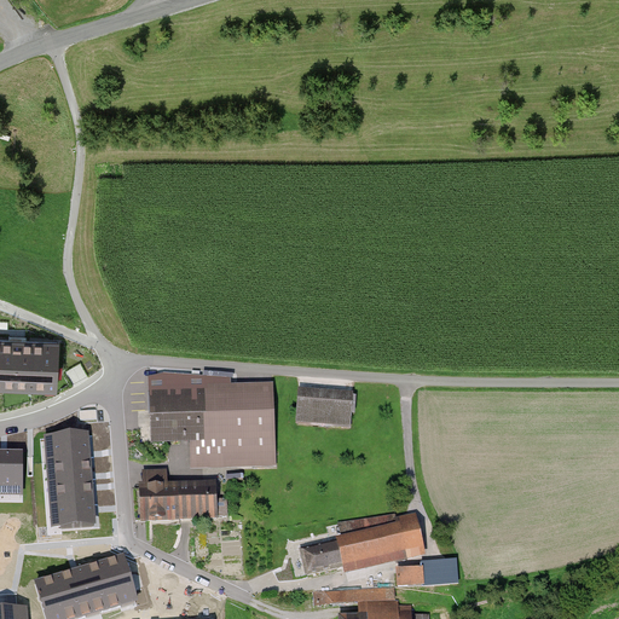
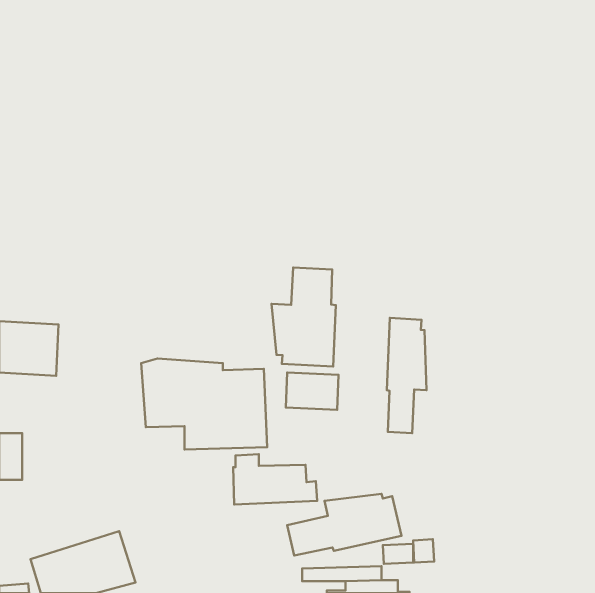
building: none -> [271,268,336,367]
building: none -> [387,318,426,433]
building: [42,430,98,530] -> none
building: [140,468,227,520] -> [233,454,317,504]

